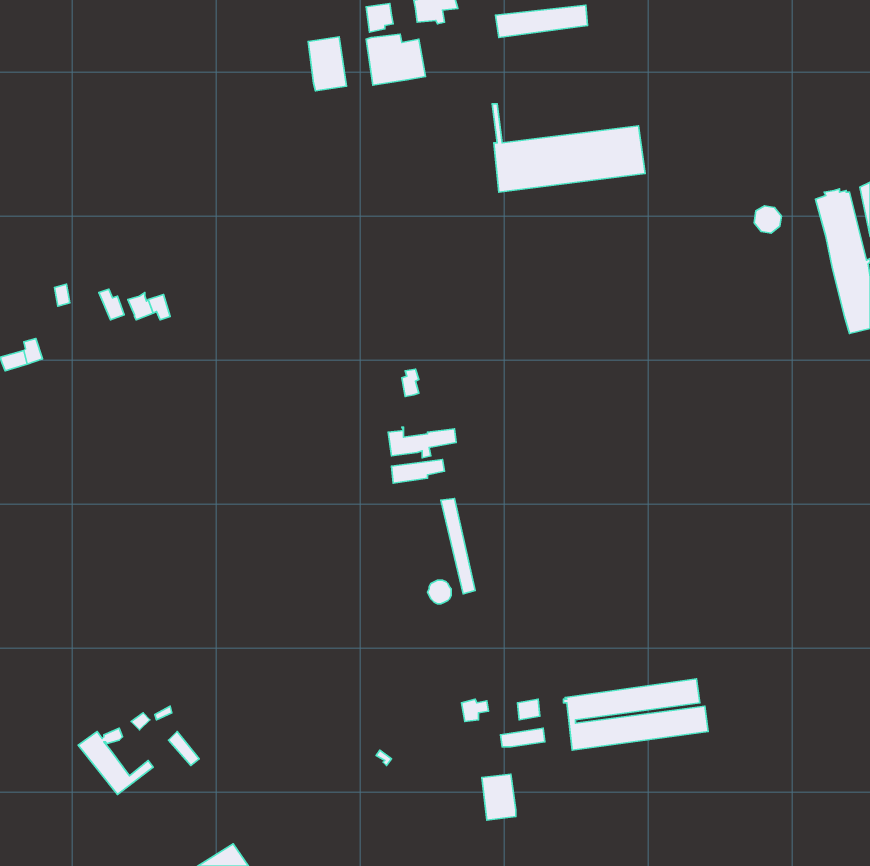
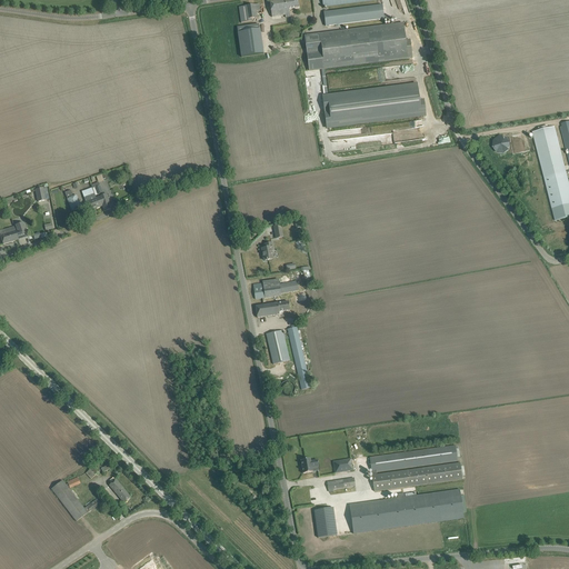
building: none -> [305,21,412,70]
building: [308,37,347,91] -> none
building: none -> [267,328,289,363]
building: none -> [351,488,465,531]

